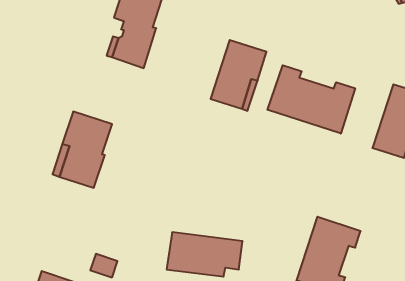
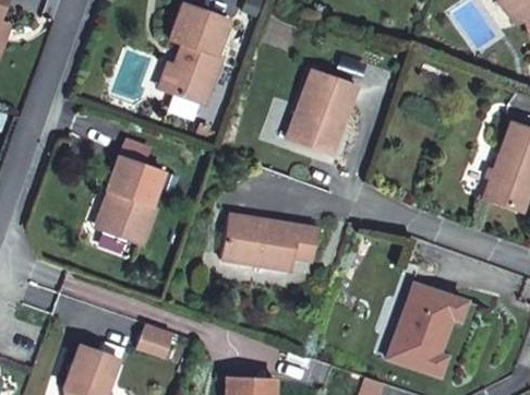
building: [268,65,355,134] -> none
building: [167,232,243,277] -> [226,215,317,268]

